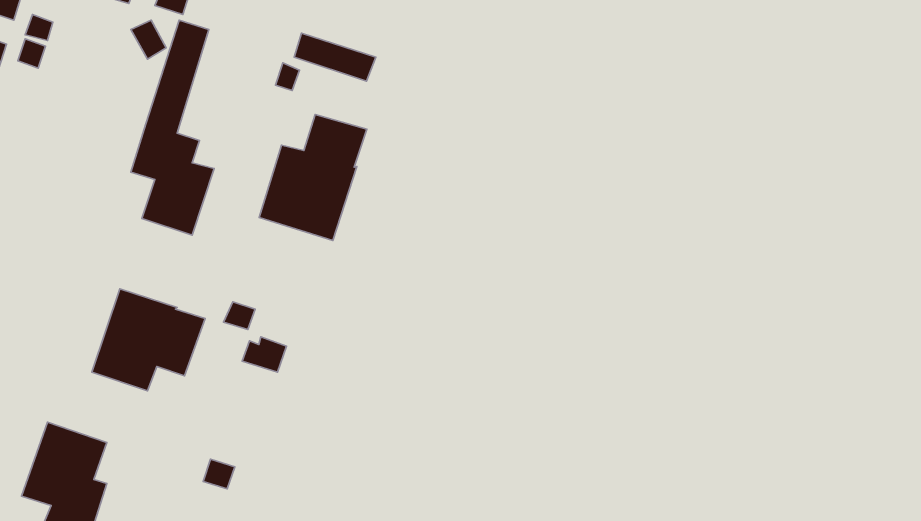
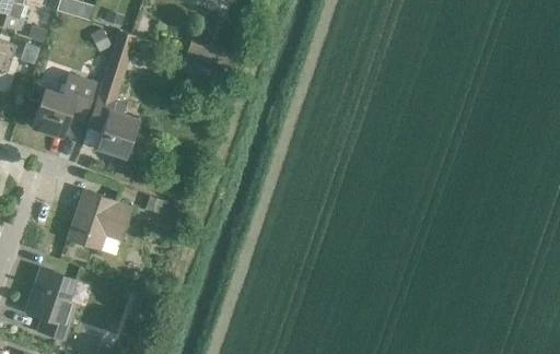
building: none -> [32,74,94,135]
building: [259,115,367,241] -> none

